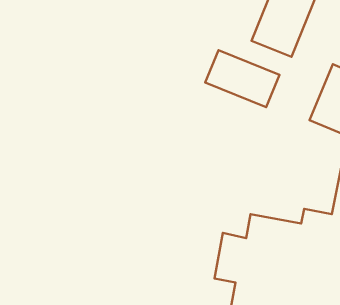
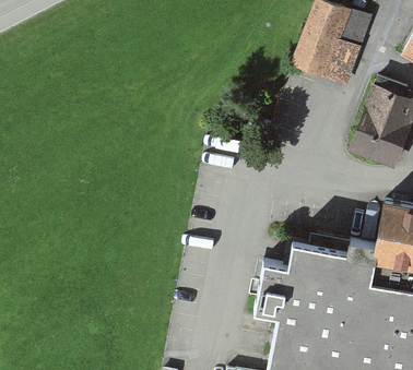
building: [205,50,279,107] -> none

